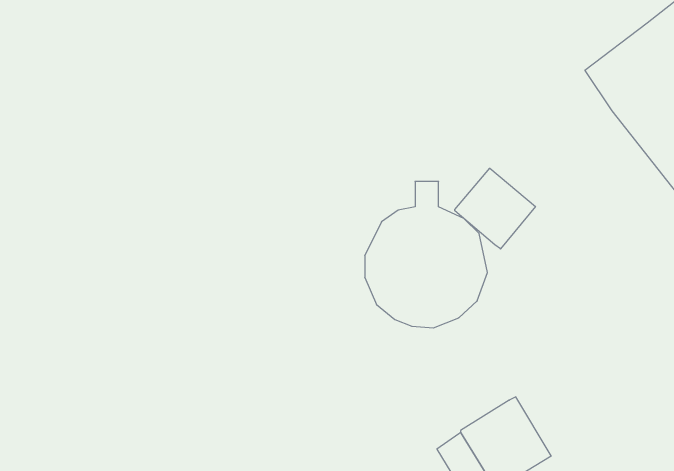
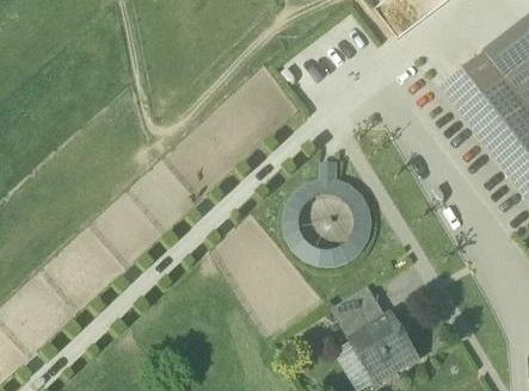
building: [455,168,535,249] -> none
building: none -> [331,286,386,340]

